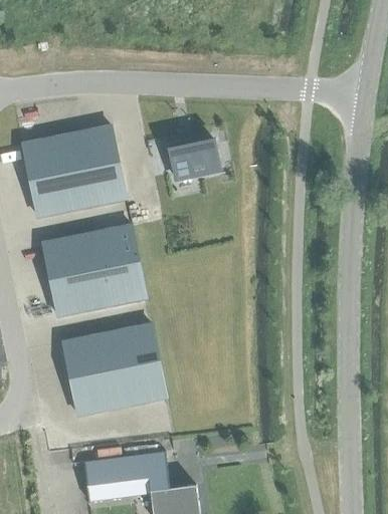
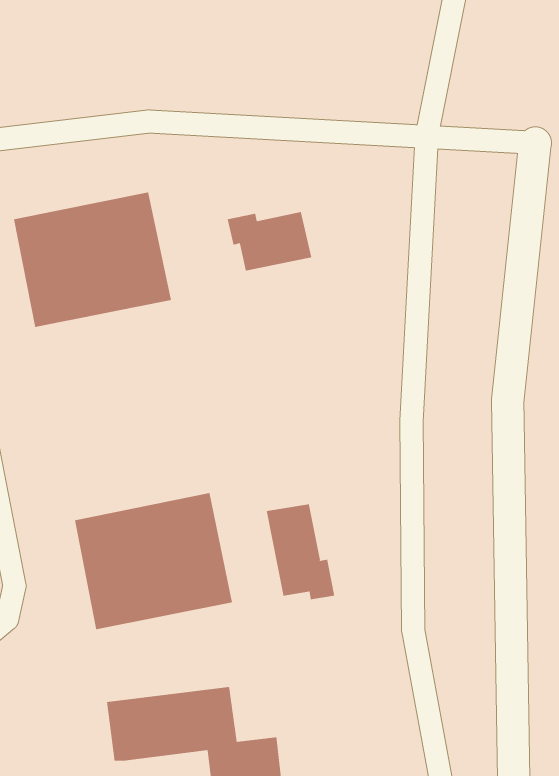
building: [42,225,146,315] -> none
building: none -> [266,503,335,600]

